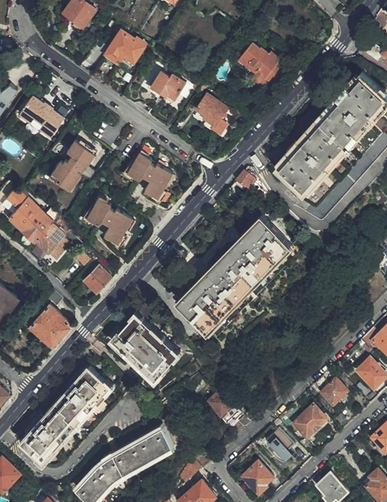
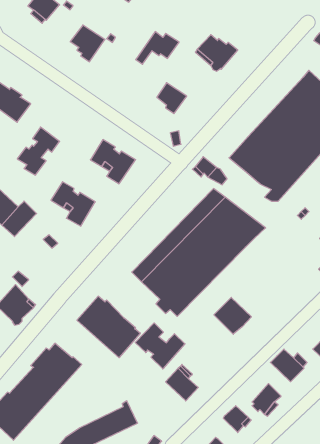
building: [139,74,184,108] -> [136,32,179,64]
building: [82,265,110,293] -> none
building: none -> [214,297,251,334]
building: none -> [135,323,185,369]

